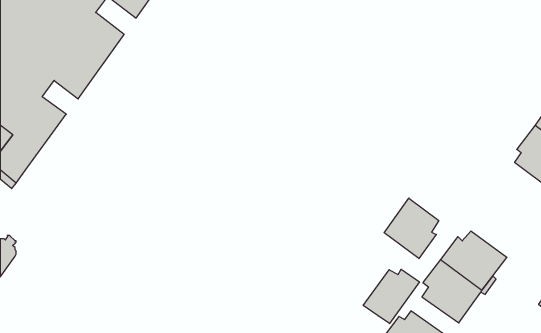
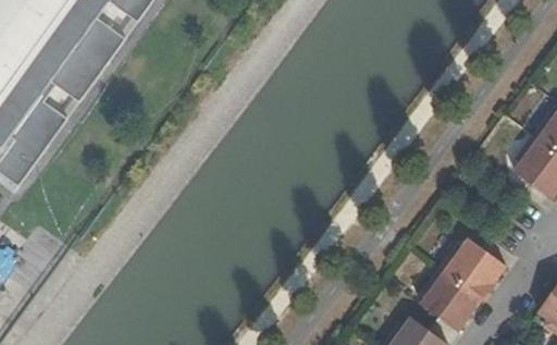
building: [384,198,439,259] -> none
building: [363,269,419,324] -> none

